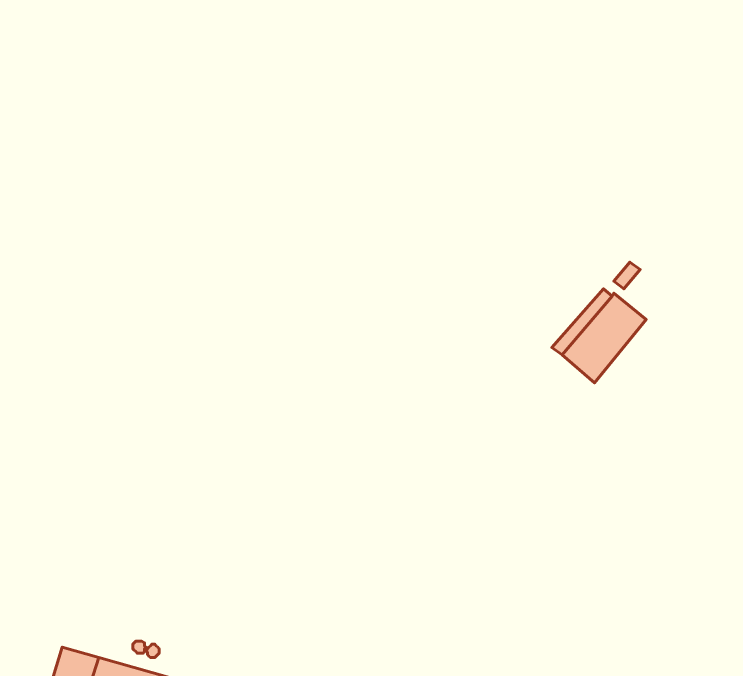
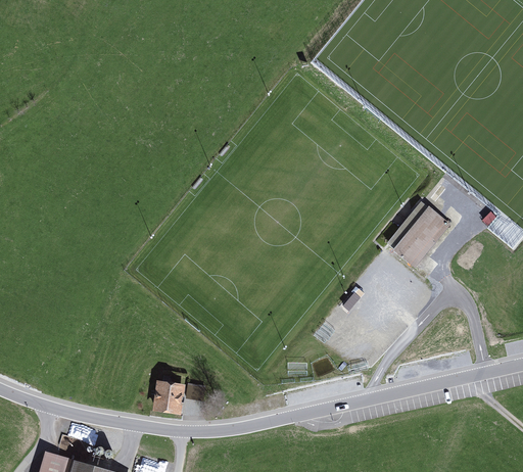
building: none -> [151,380,185,414]

